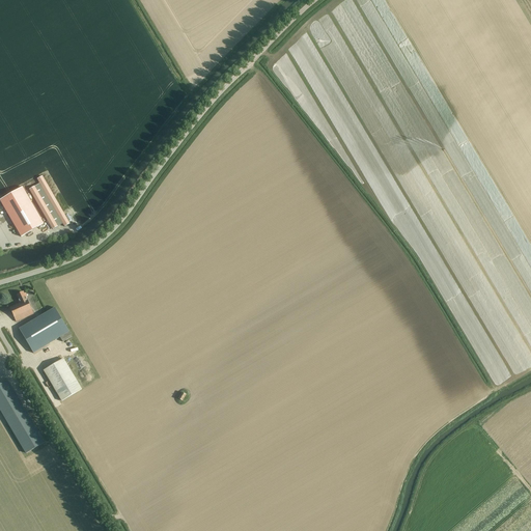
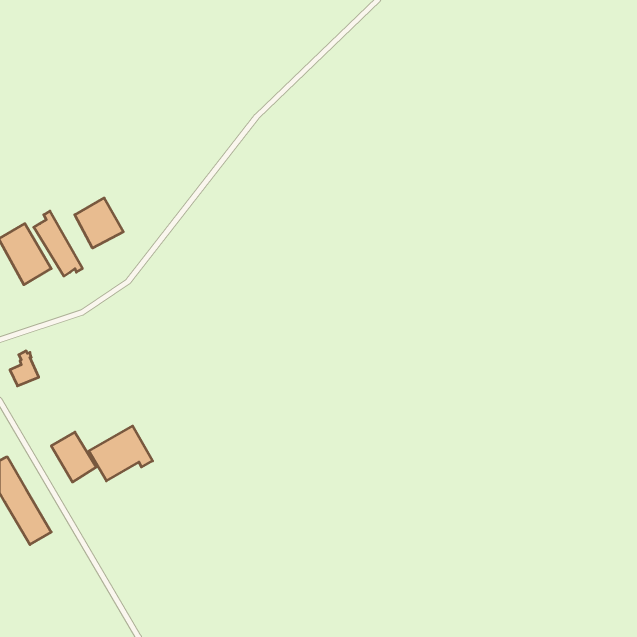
building: none -> [75,198,123,248]
building: [18,307,71,353] -> [89,426,153,481]

